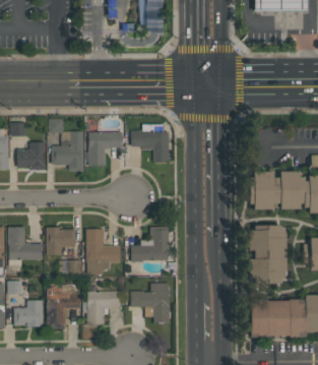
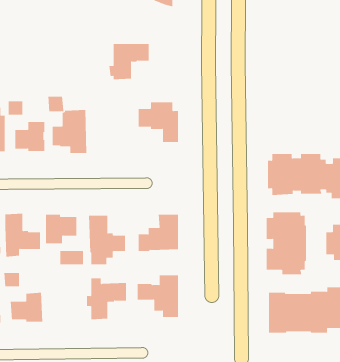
building: [84,131,122,165] -> [109,43,149,80]
building: [47,284,81,328] -> none

